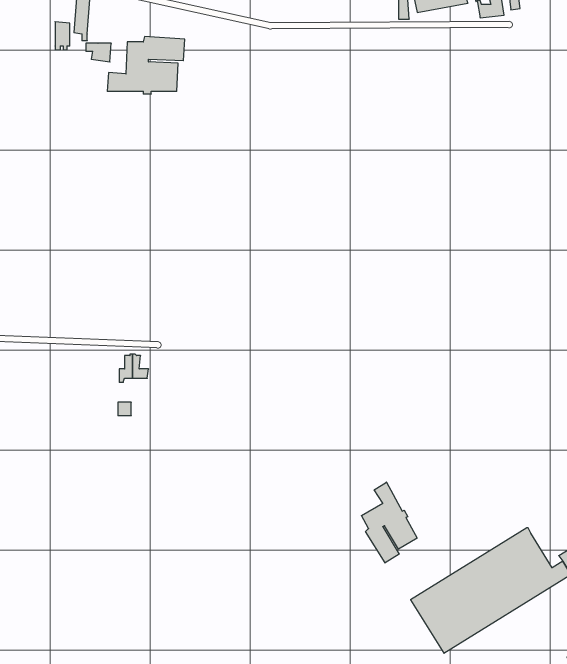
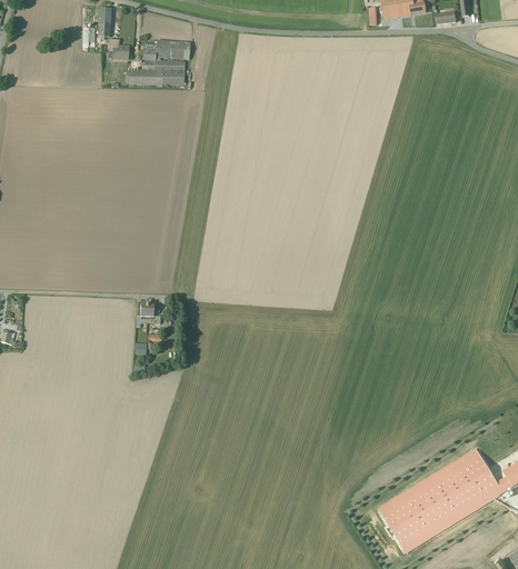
building: [361,482,417,563] -> none

